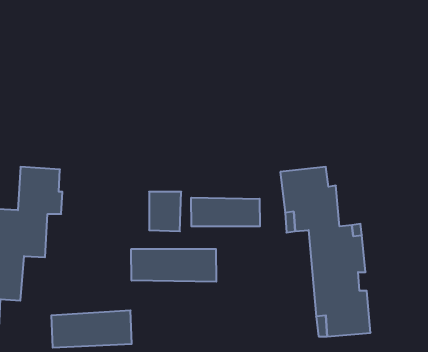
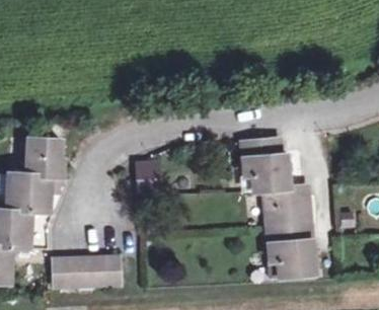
building: [191,198,260,226] -> none
building: [131,249,216,282] -> none

